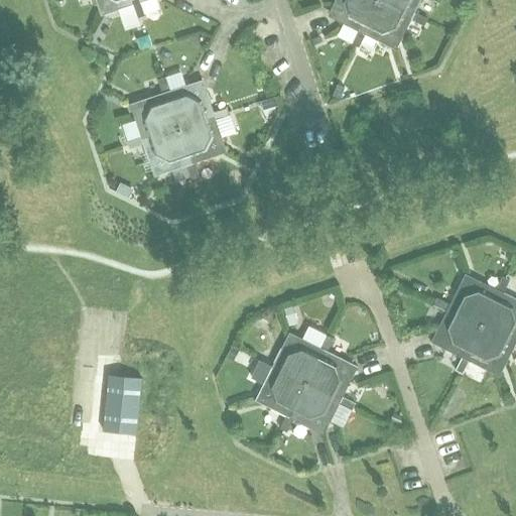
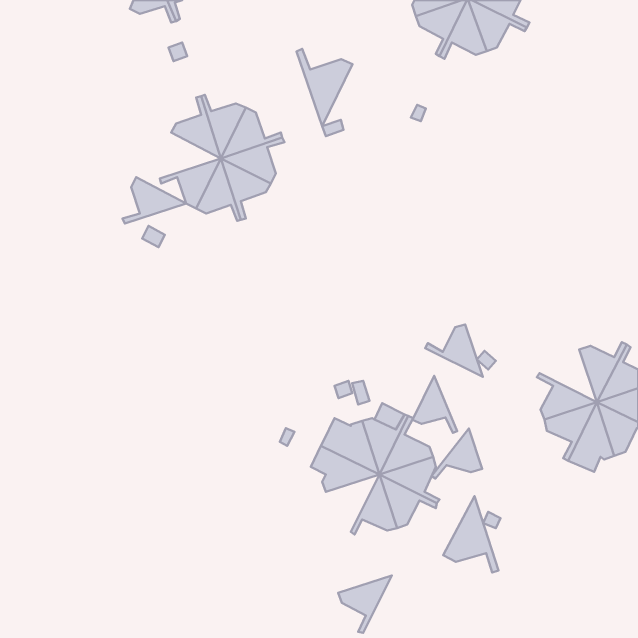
building: none -> [296,49,352,126]
building: [127,107,178,144] -> [122,177,186,223]
building: [435,282,482,325] -> [425,325,483,377]
building: none -> [413,376,457,433]
building: none -> [432,428,482,478]
building: [103,375,140,434] -> none
building: [263,383,306,429] -> [338,575,392,633]
building: none -> [443,496,499,573]

